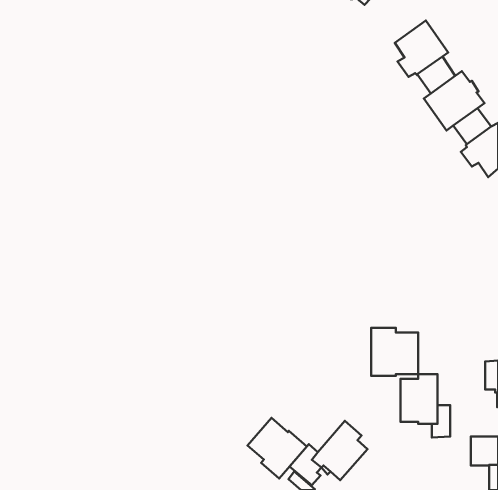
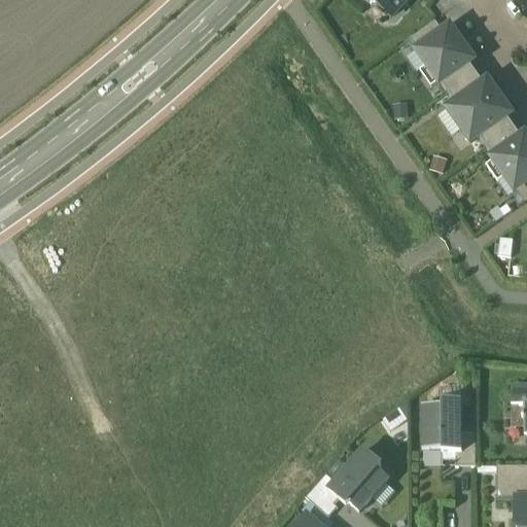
building: [371,328,418,376] -> none
building: [248,418,307,478] -> none

